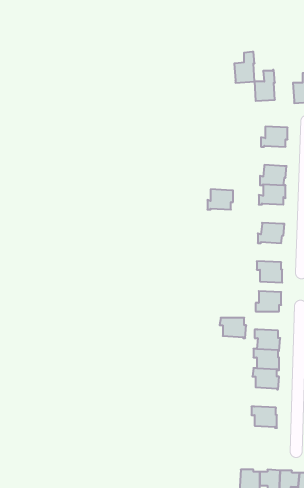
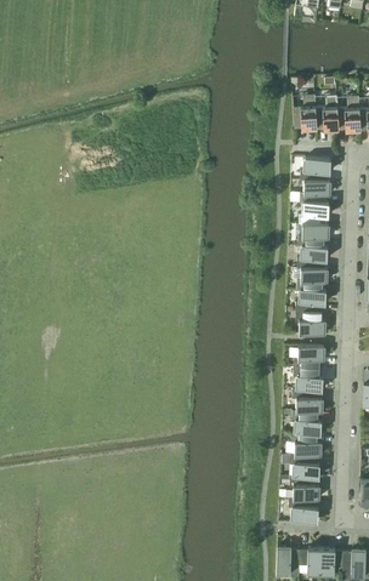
building: [234,52,255,83] -> [316,96,339,131]
building: none -> [300,181,330,204]
building: [207,189,233,210] -> [299,246,328,269]
building: none -> [296,290,327,313]
building: [220,318,246,338] -> [294,369,324,392]
building: none -> [291,455,320,479]
building: none -> [289,499,319,523]

